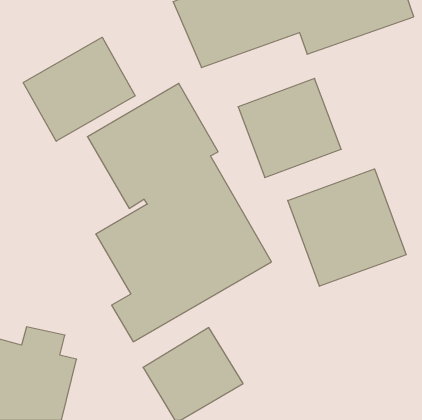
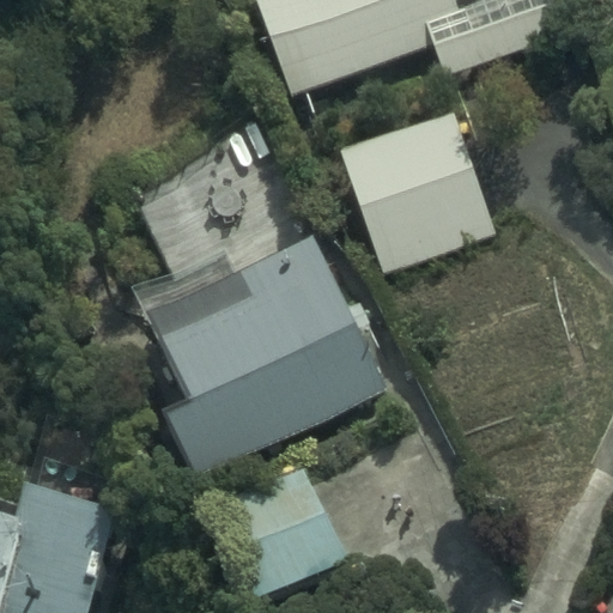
building: [23,37,135,141] -> none
building: [288,169,406,286] -> none

